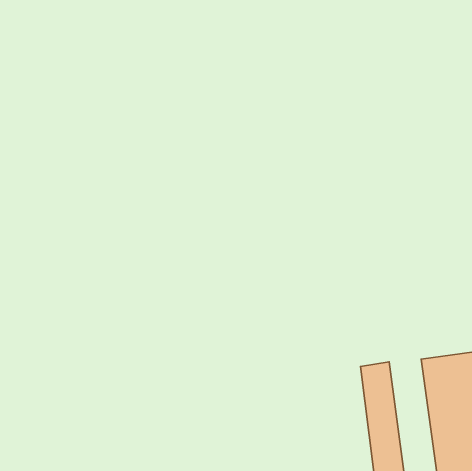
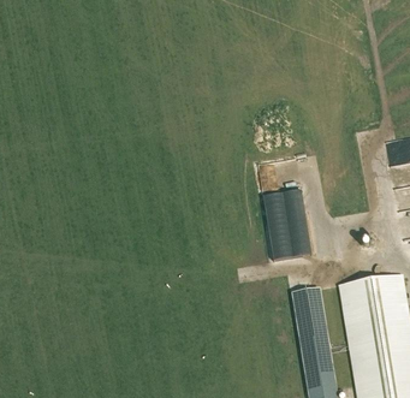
building: none -> [263,188,311,257]

